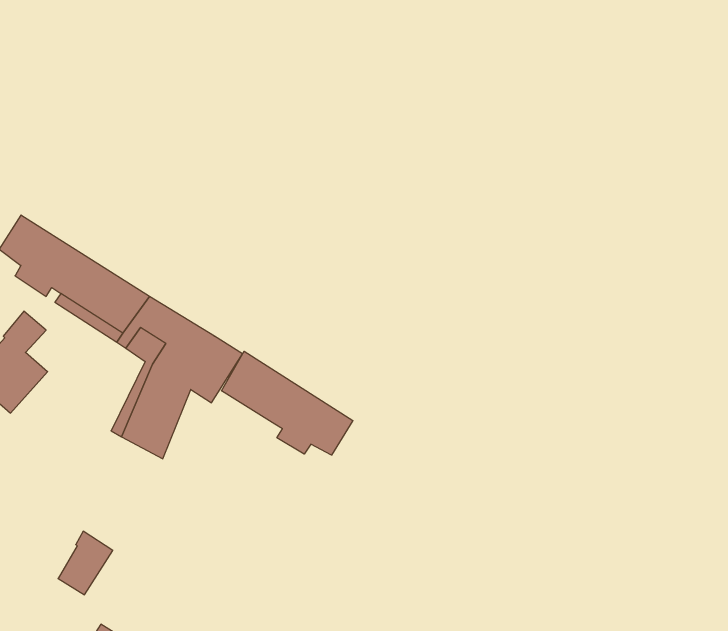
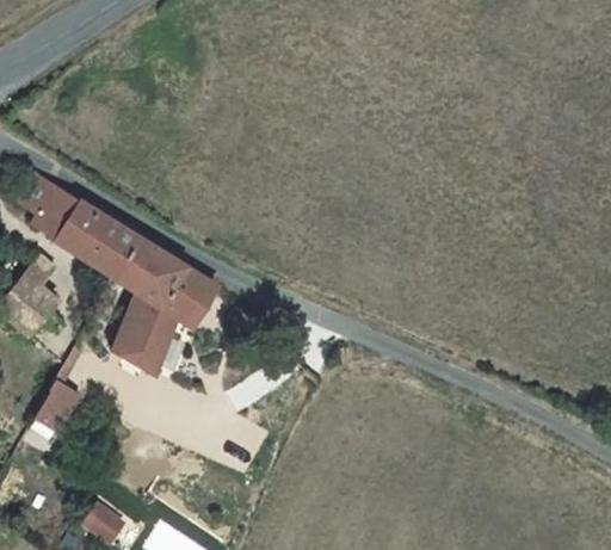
building: [222,351,353,455] -> none
building: [58,531,113,595] -> [36,379,80,431]

